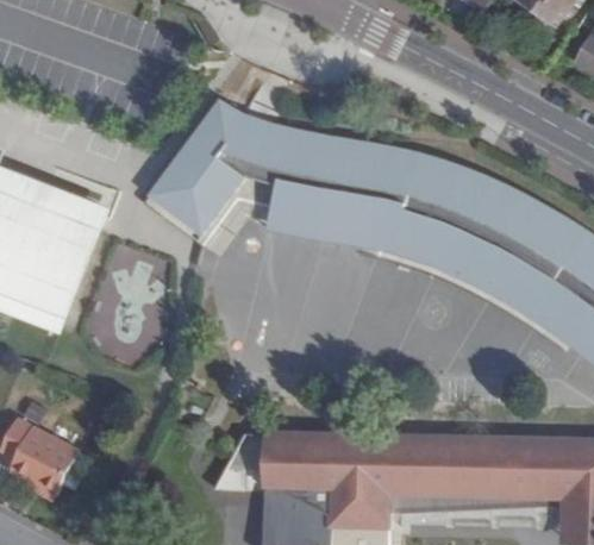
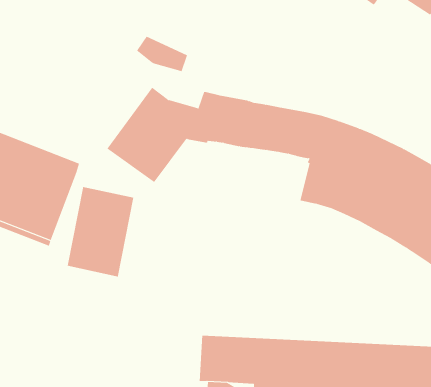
building: [198,94,264,140] -> [136,36,188,72]
building: [258,183,400,259] -> none
building: [7,419,100,494] -> none

